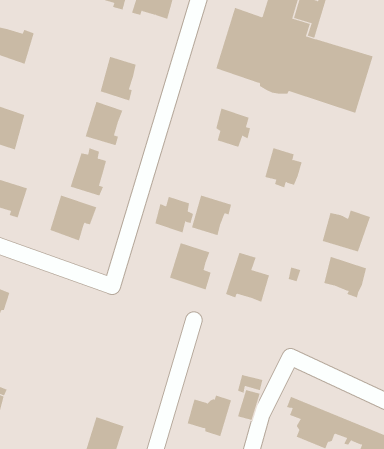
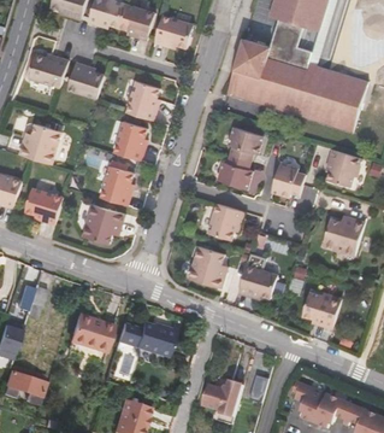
building: none -> [67,62,104,98]
building: none -> [326,148,359,186]
building: [154,196,194,233] -> [218,154,253,187]
building: [323,256,367,298] -> [302,291,341,328]
building: none -> [69,312,111,361]
building: none -> [116,321,175,356]

